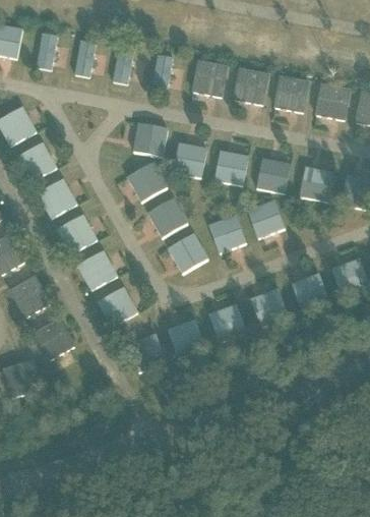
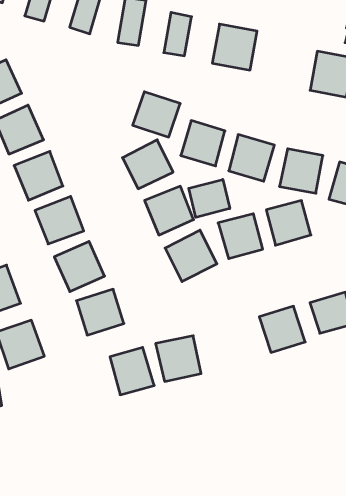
building: [233,67,269,105] -> none
building: none -> [189,179,230,217]
building: [209,305,245,340] -> none

